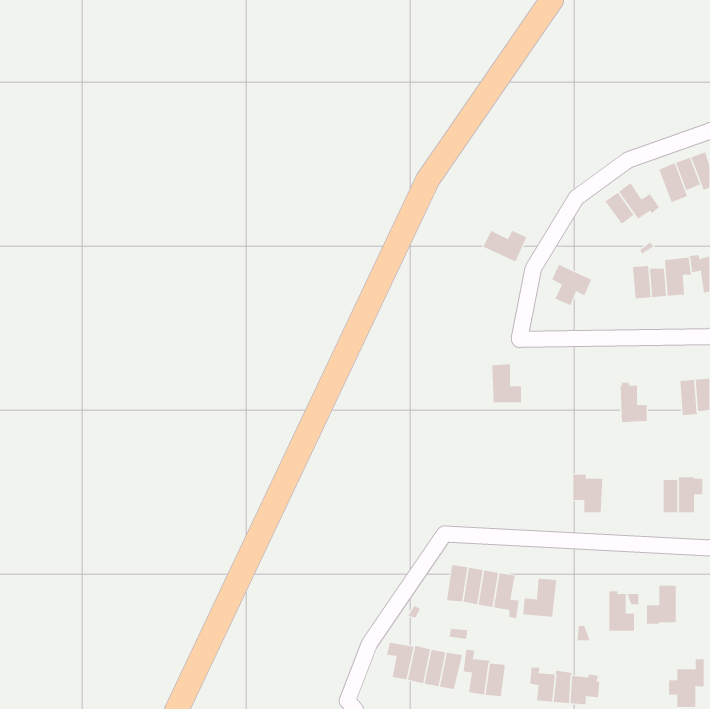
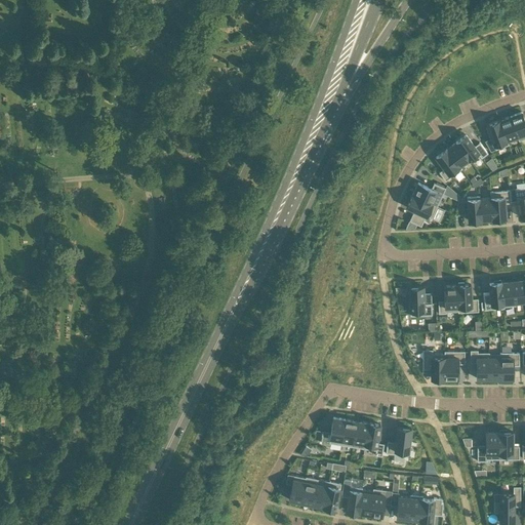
building: none -> [436,150,461,181]
building: [483,230,527,262] -> [412,184,445,207]
building: [491,364,522,403] -> [409,287,432,316]
building: none -> [483,281,503,310]
building: none -> [438,285,458,314]
building: none -> [470,351,489,379]
building: none -> [444,352,465,379]
building: [609,591,635,631] -> [499,431,519,460]
building: none -> [370,489,392,517]

